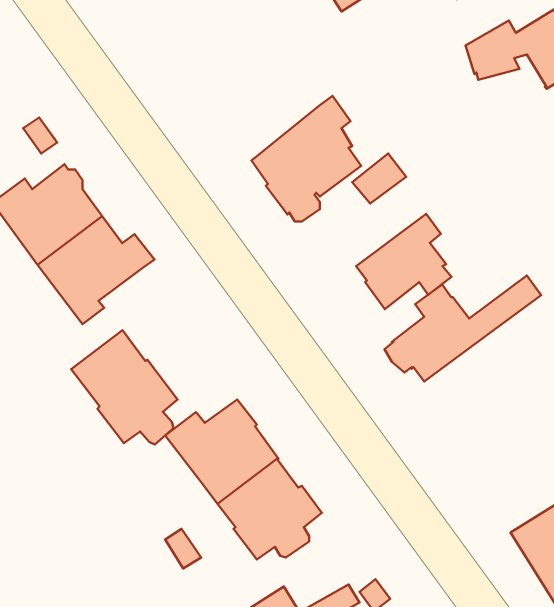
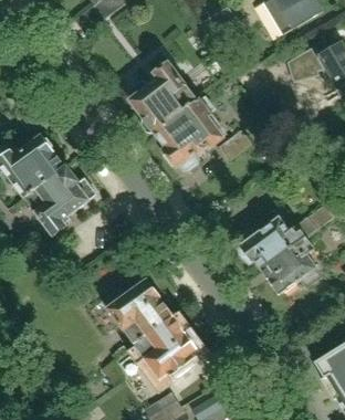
building: none -> [128,62,197,132]
building: [356,214,451,309] -> [262,235,321,294]
building: [71,330,177,444] -> none

